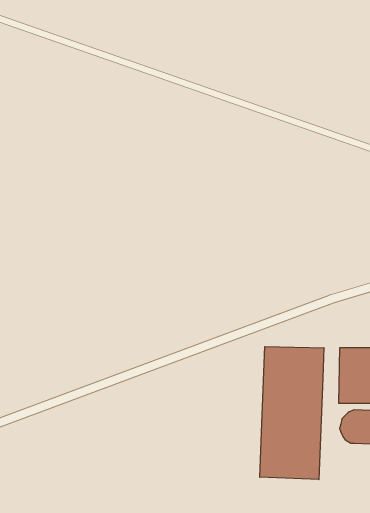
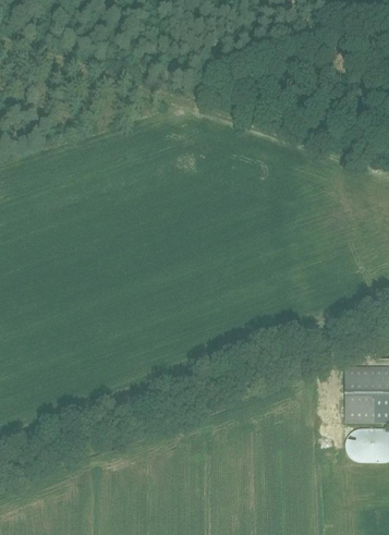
building: [260,347,324,480] -> none

